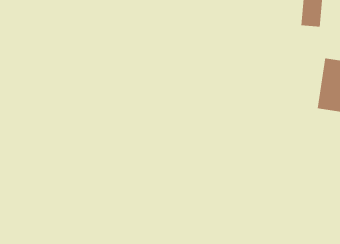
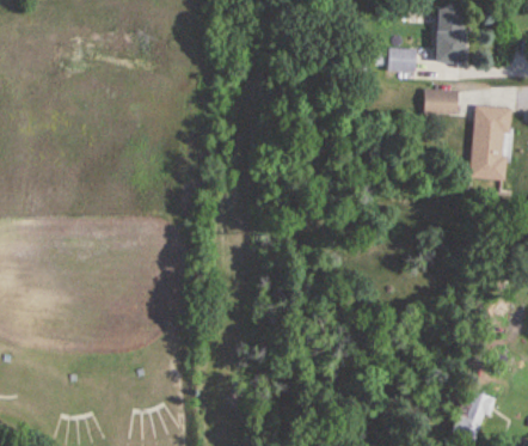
building: none -> [376,47,416,71]
building: none -> [423,88,458,114]

